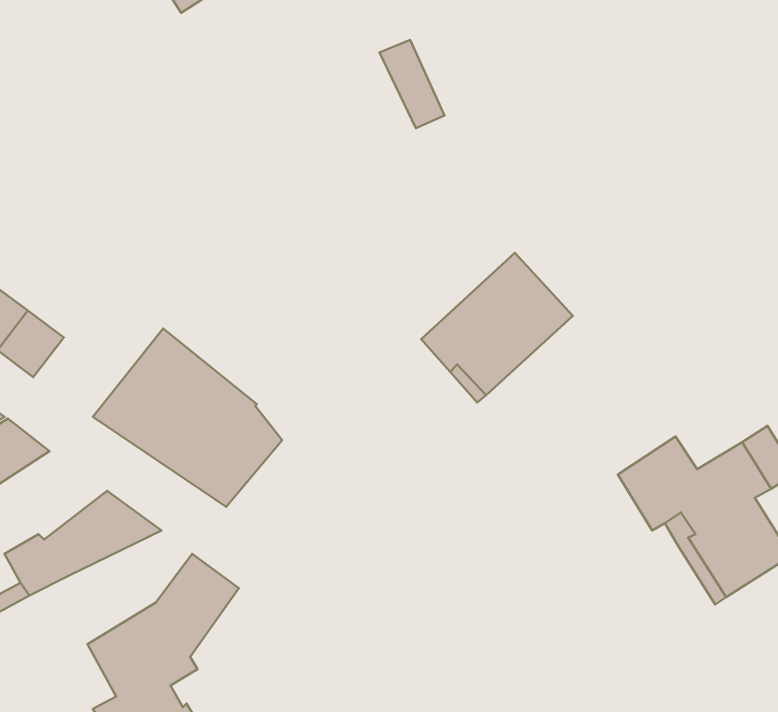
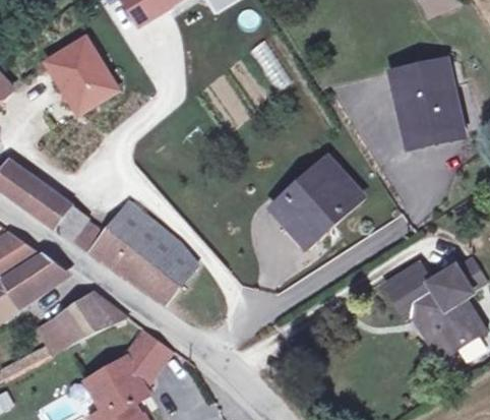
building: none -> [47,38,116,110]
building: none -> [392,63,458,143]
building: none -> [55,207,105,252]

